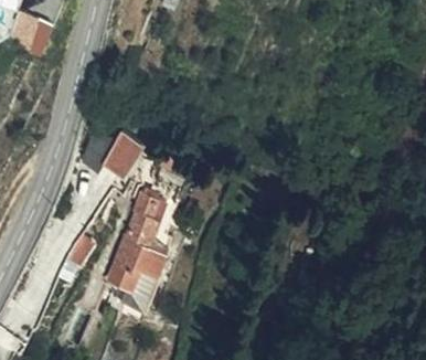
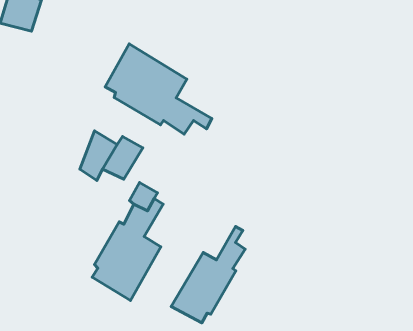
building: none -> [105,44,212,134]
building: none -> [171,227,245,323]

